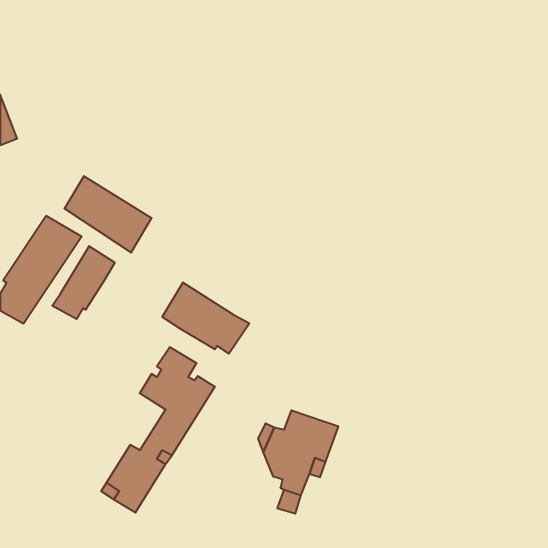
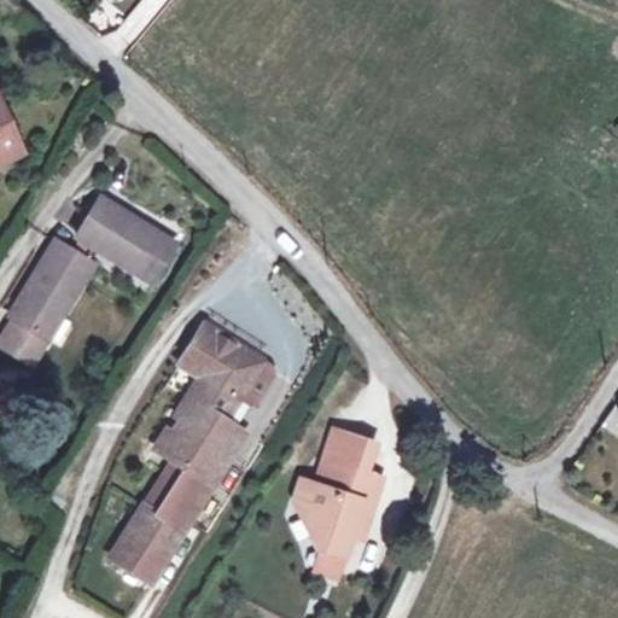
building: [52,246,115,319] -> none
building: none -> [192,371,249,436]
building: none -> [328,432,373,474]

